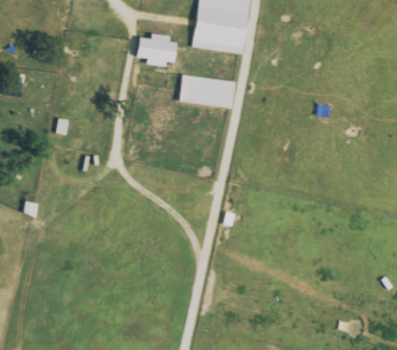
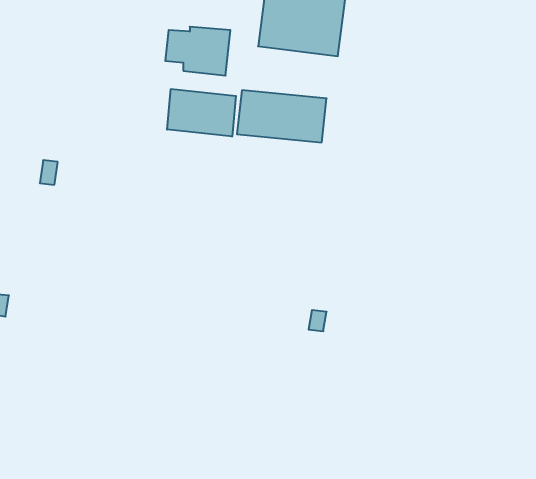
building: none -> [167,89,236,137]

